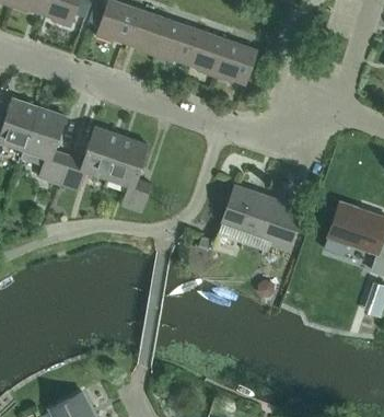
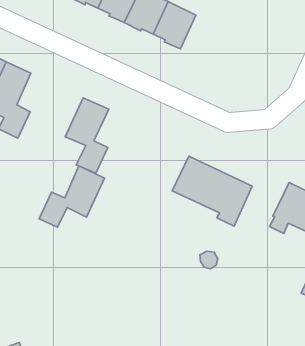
building: [216,39,258,84] -> none
building: [59,126,121,190] -> [39,166,104,227]

